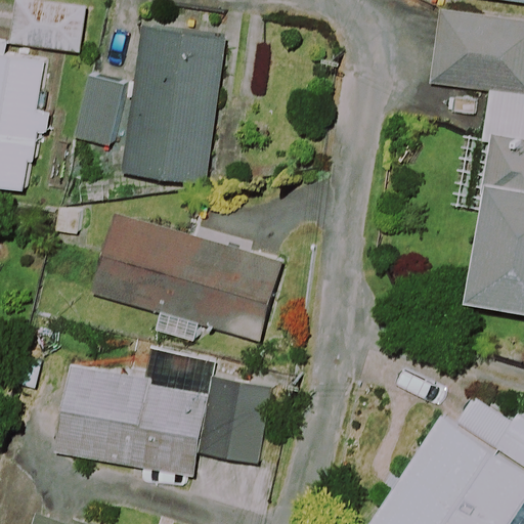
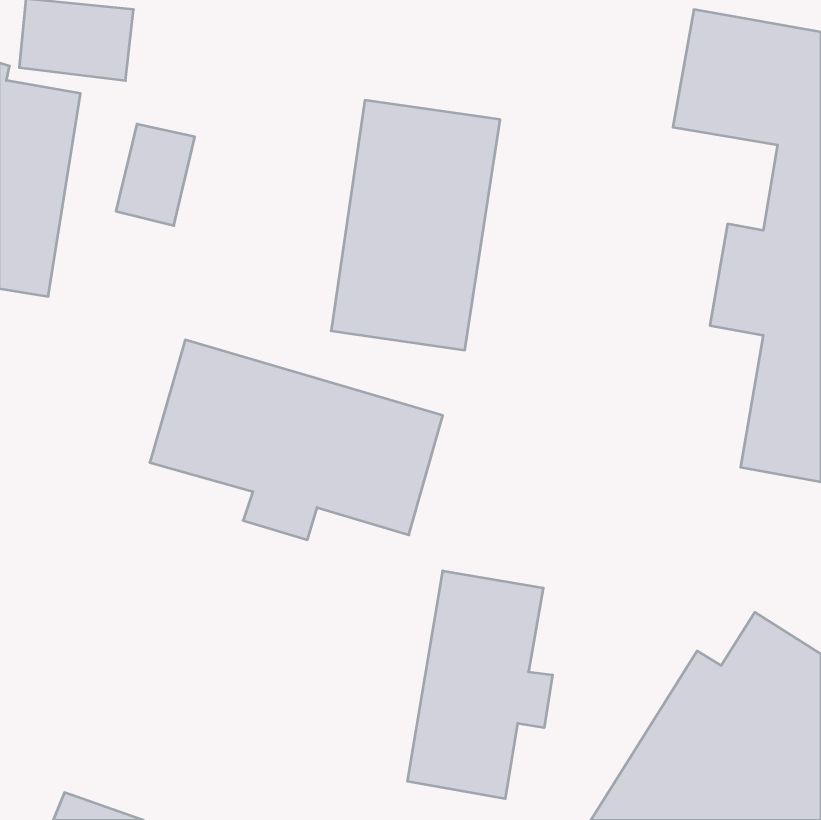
building: [120,25,227,183] -> [331,100,500,350]
building: none -> [408,571,553,799]
building: [56,364,270,475] -> none

